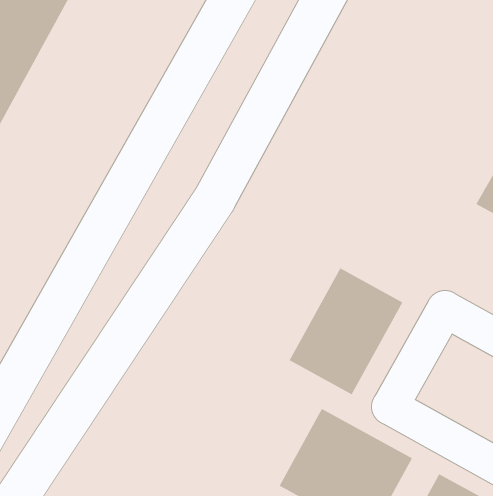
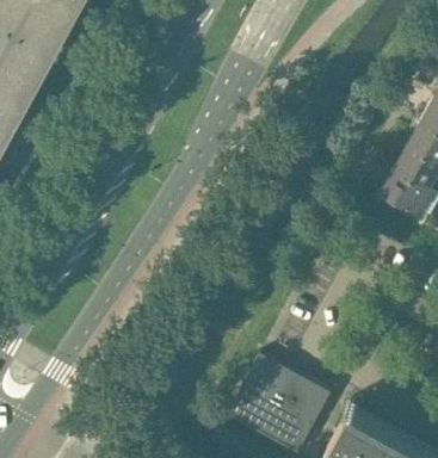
building: [289,268,403,395] -> none

